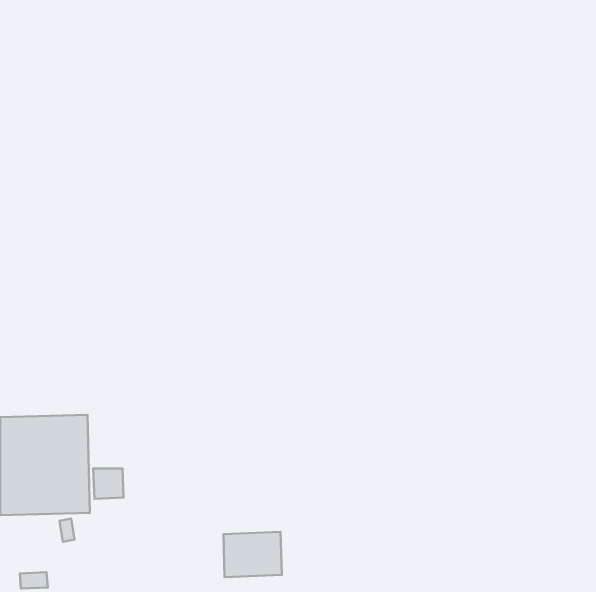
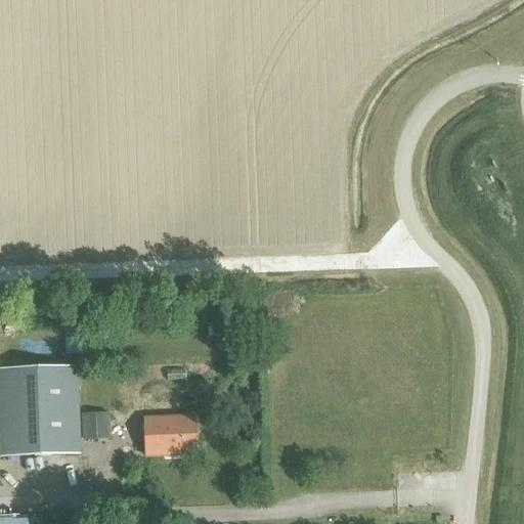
building: [223,532,282,577] -> [144,414,195,454]

